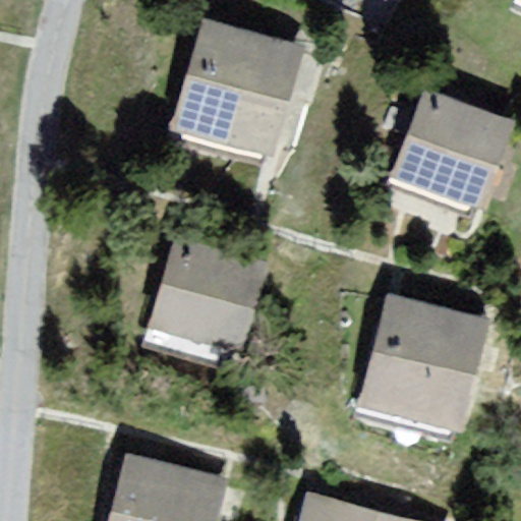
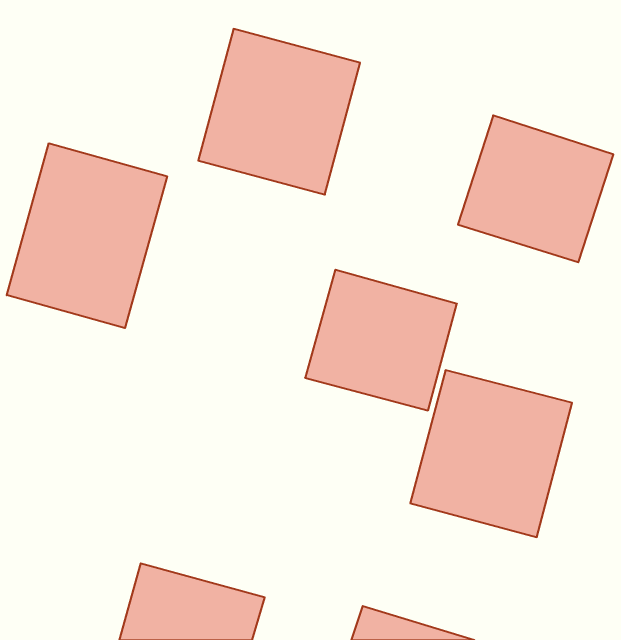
building: none -> [7,143,167,328]
building: [144,239,268,353] -> [305,270,457,410]

